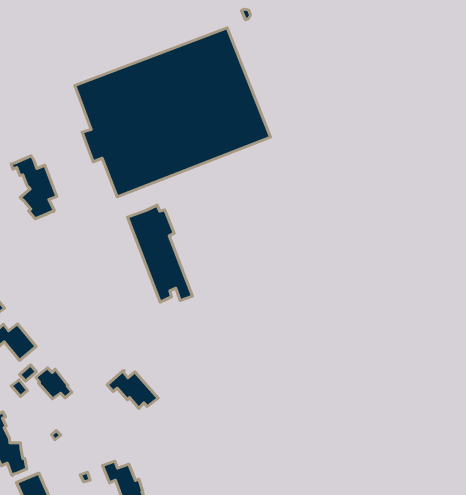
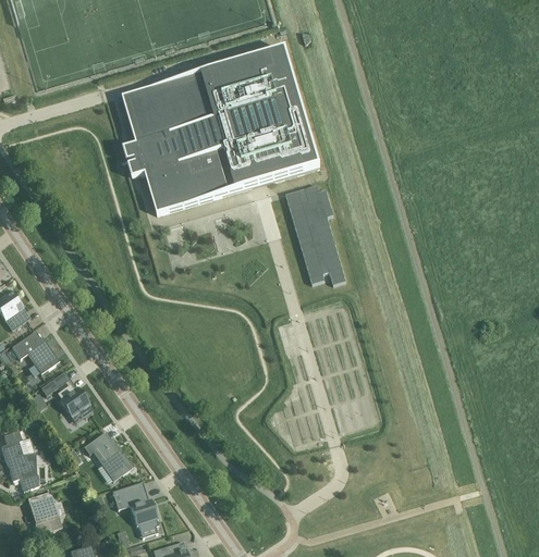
building: [11,156,57,219] -> none
building: [127,205,192,302] -> [285,184,345,284]
building: [107,371,158,408] -> [83,434,134,474]

